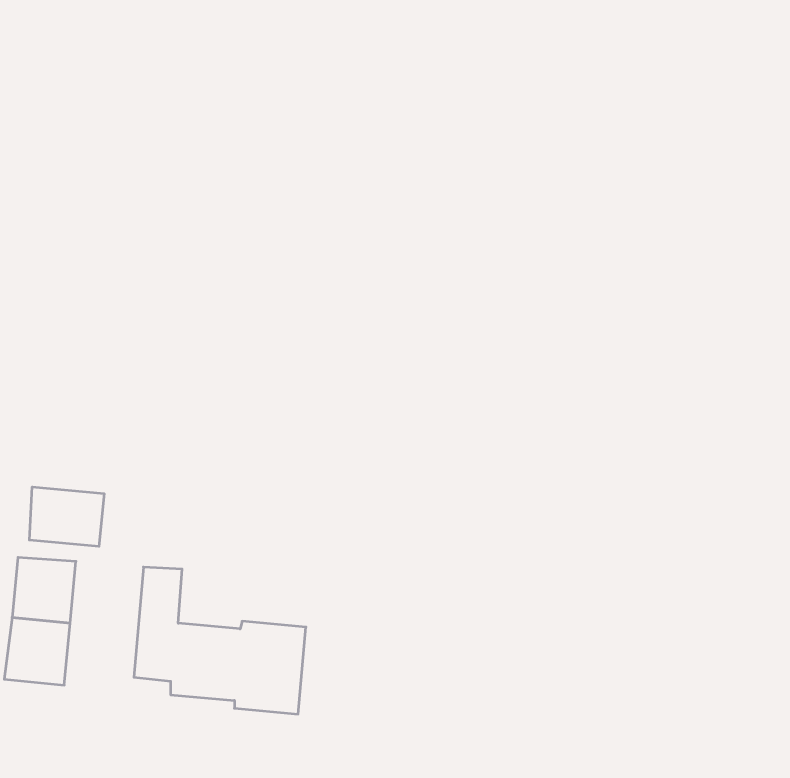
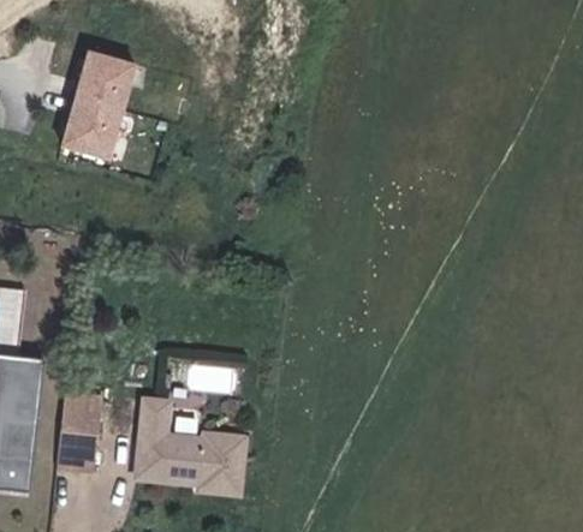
building: none -> [58,58,130,165]
building: [29,487,104,546] -> none

